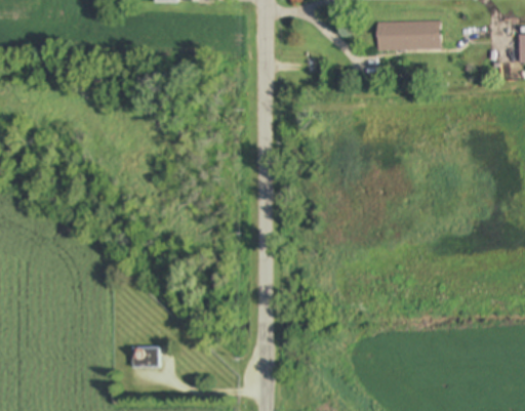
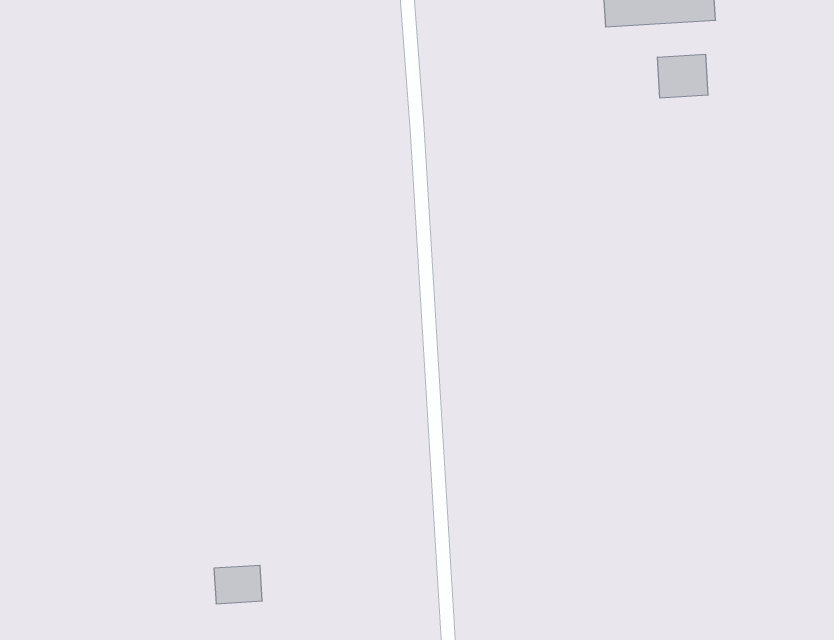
building: none -> [657,54,708,98]

